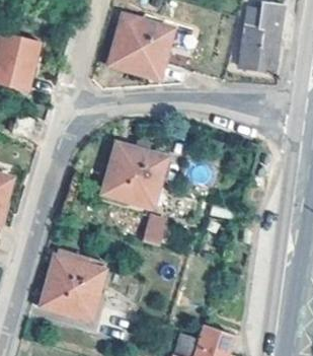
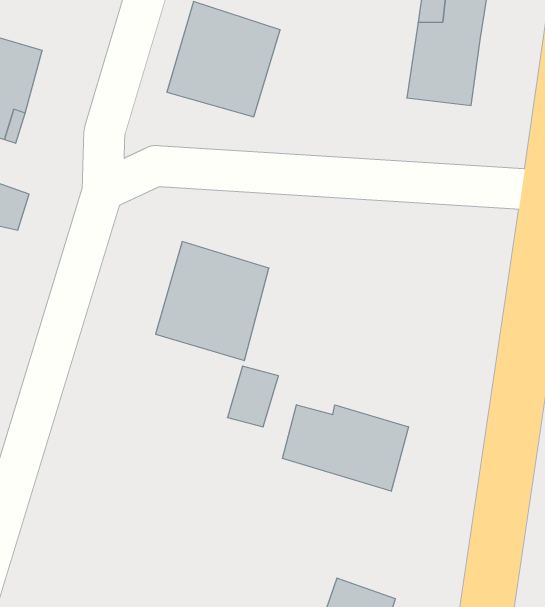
building: none -> [282,405,409,491]
building: [41,250,106,319] -> none

